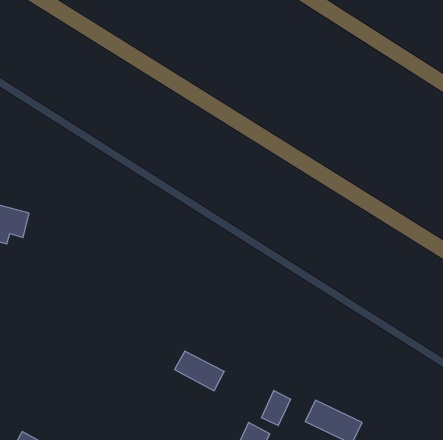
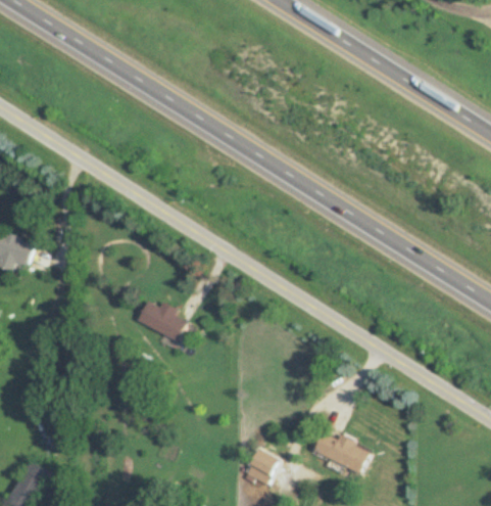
building: [175,351,224,391] -> [136,301,186,340]
building: [262,390,291,426] -> none

